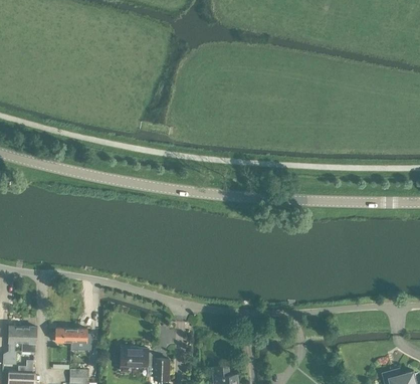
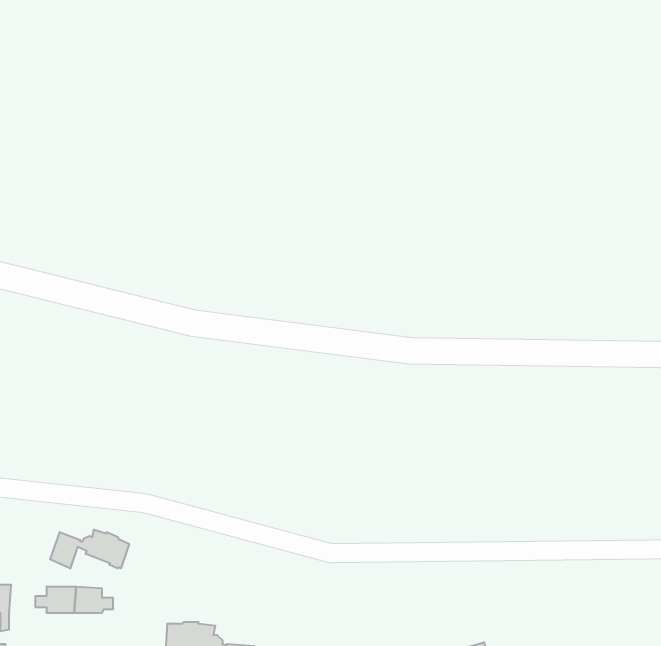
building: none -> [50,529,129,569]

